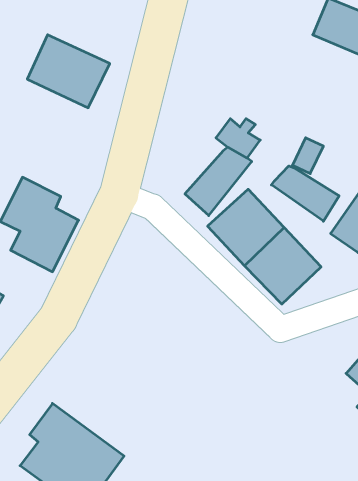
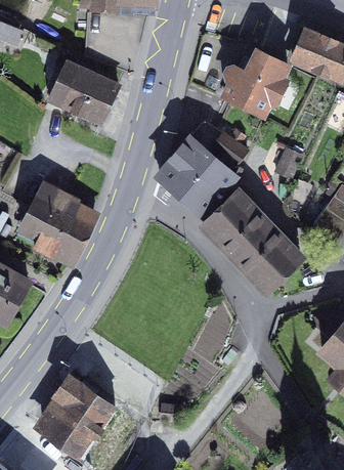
building: none -> [224,51,287,114]
building: none -> [160,139,216,197]
building: [271,166,339,221] -> none

